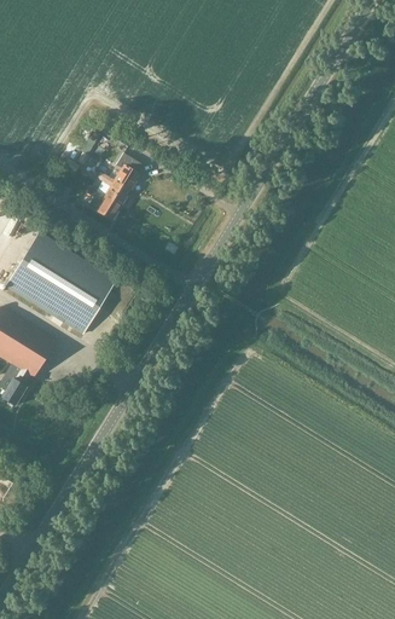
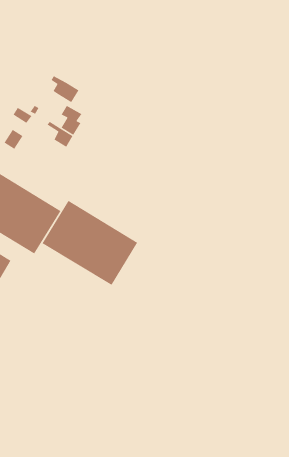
building: [87,185,122,219] -> [50,75,79,103]
building: none -> [42,200,138,286]

